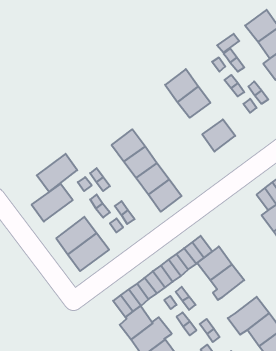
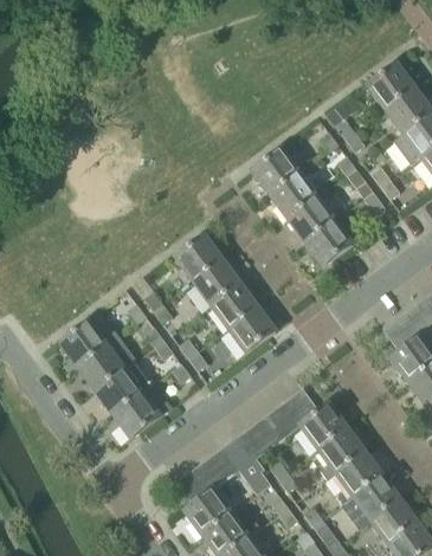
building: none -> [288,198,335,243]
building: [37,154,77,192] -> [78,337,136,392]
building: none -> [335,452,383,504]

